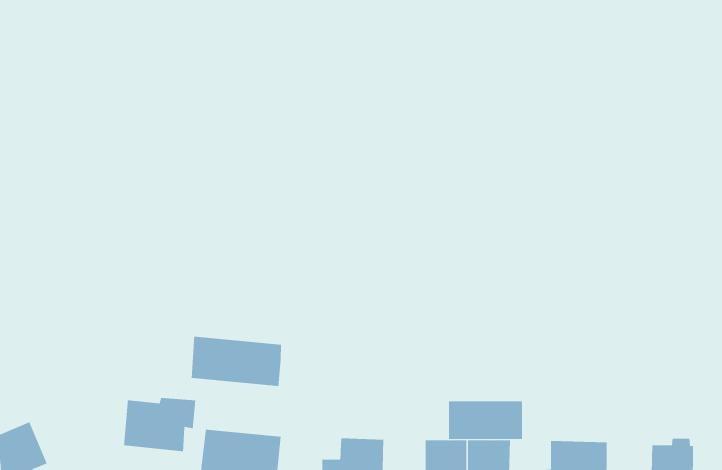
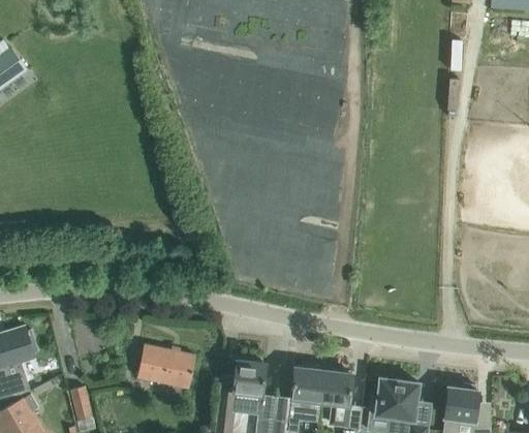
building: [191,336,281,387] -> none
building: [124,397,196,452] -> none
building: [448,401,523,440] -> none

